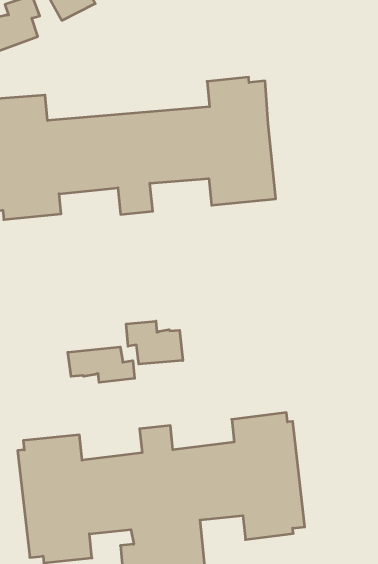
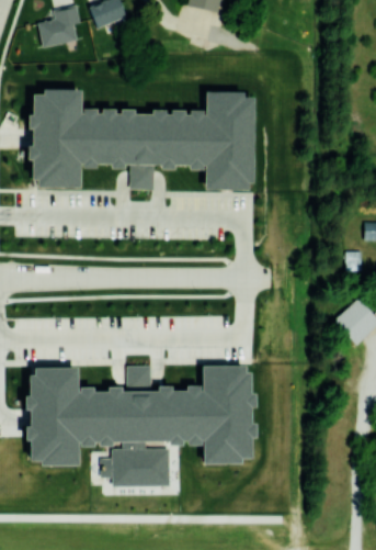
building: [126,321,183,364] -> none
building: [68,347,135,382] -> none

